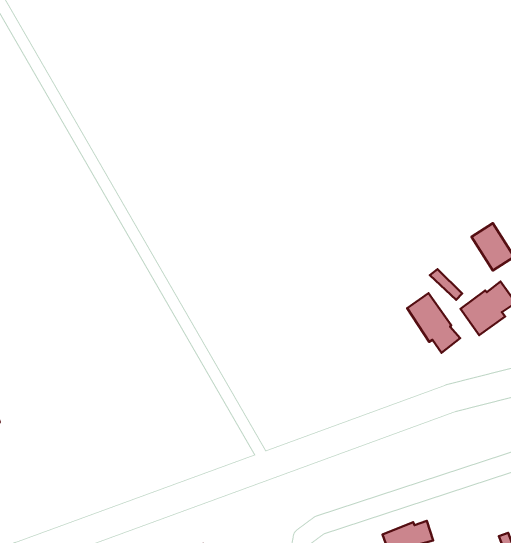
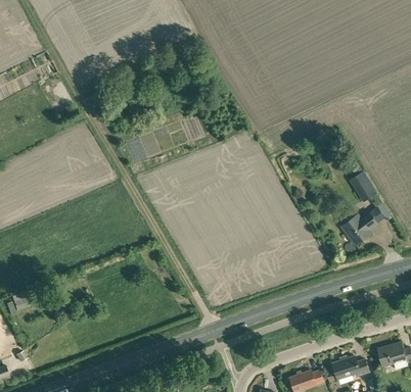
building: [407,293,460,353] -> none
building: none -> [333,356,371,380]

